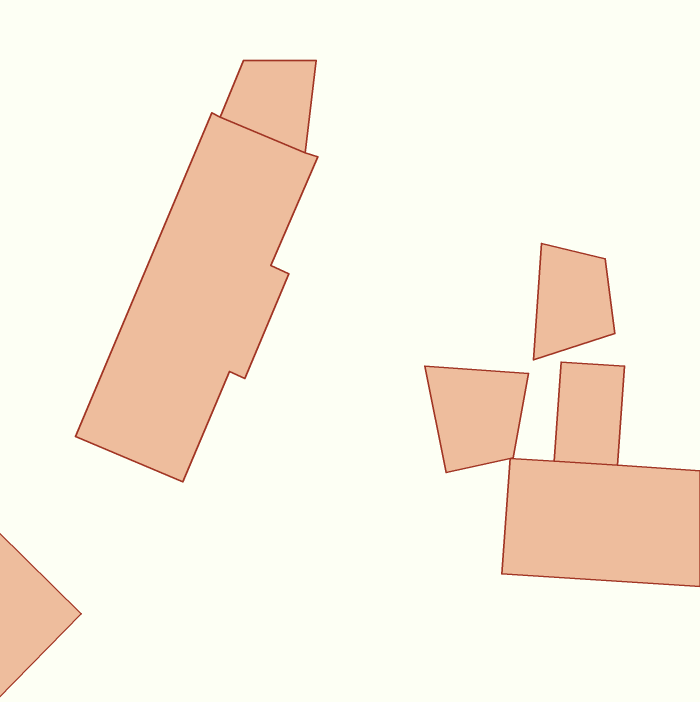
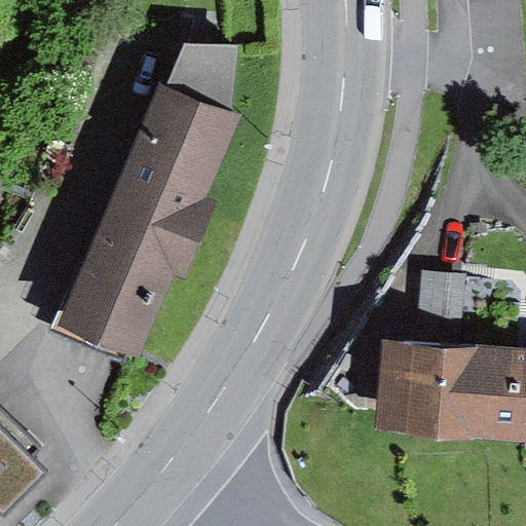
building: [533,243,615,360] -> none
building: [425,366,529,473] -> none

